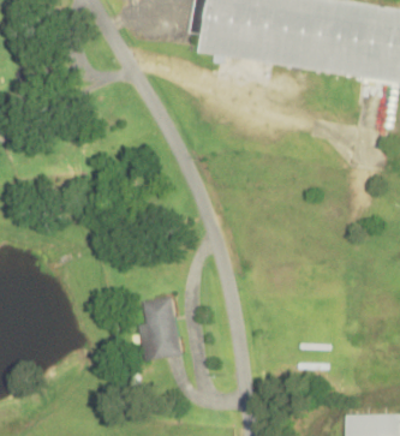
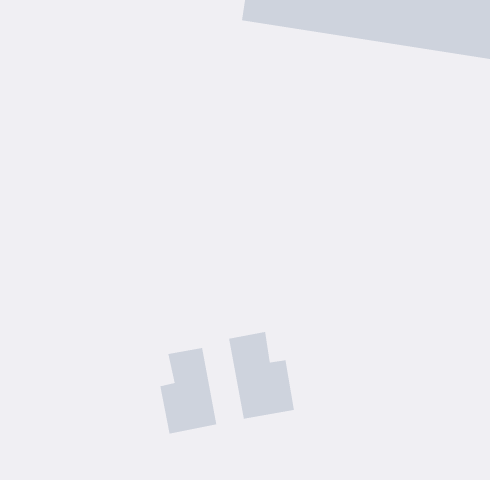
building: none -> [228,331,295,420]

